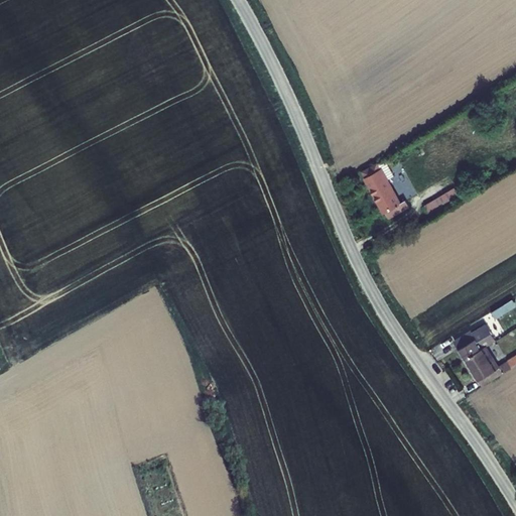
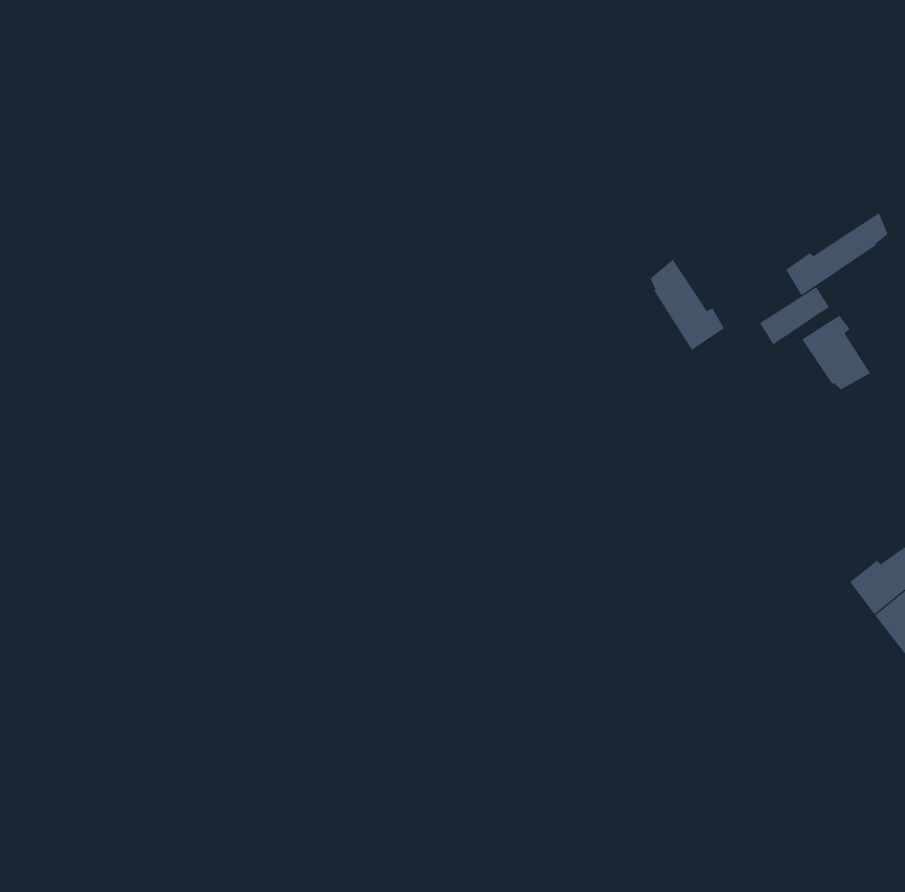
building: none -> [786,212,888,296]
building: none -> [802,315,871,390]

